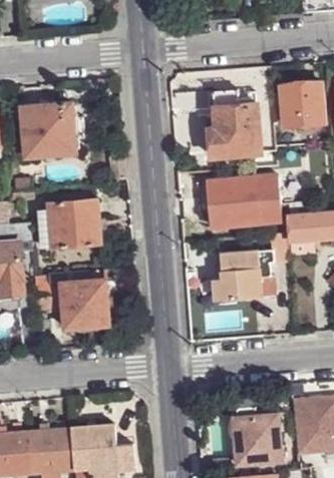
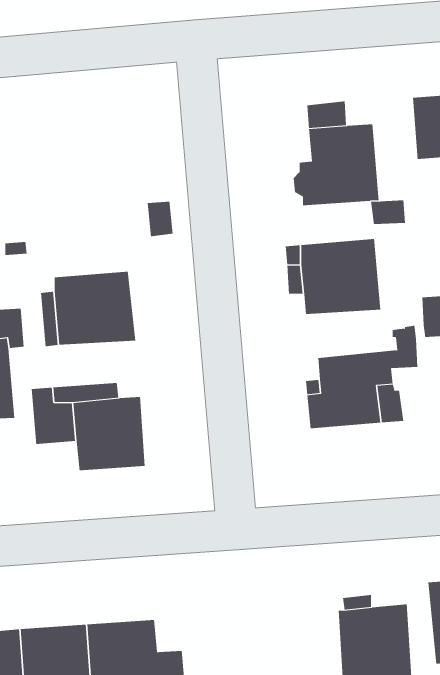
building: [21,102,75,156] -> none
building: [258,175,281,223] -> none

